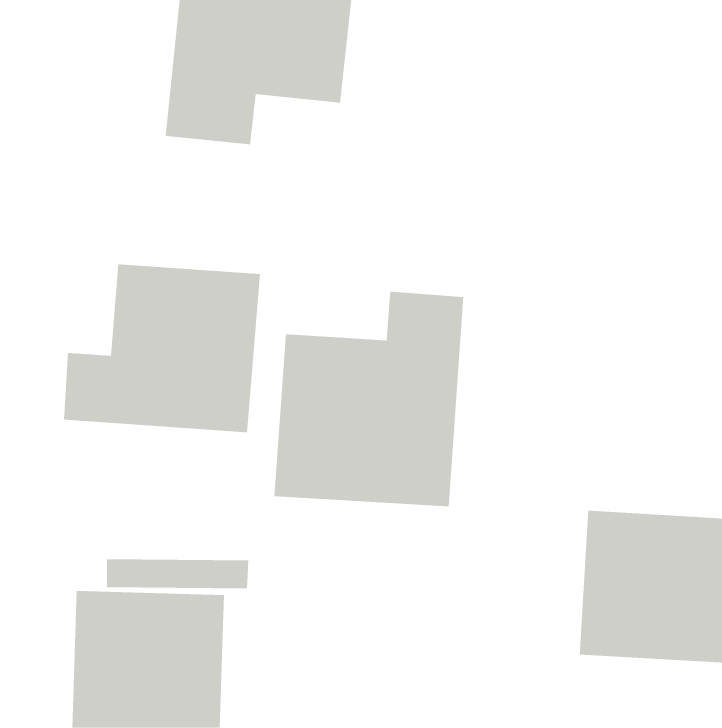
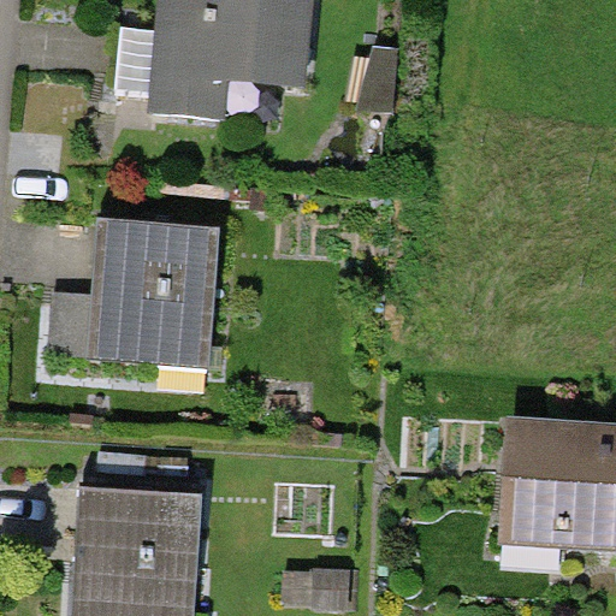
building: [274,291,464,507] -> none

